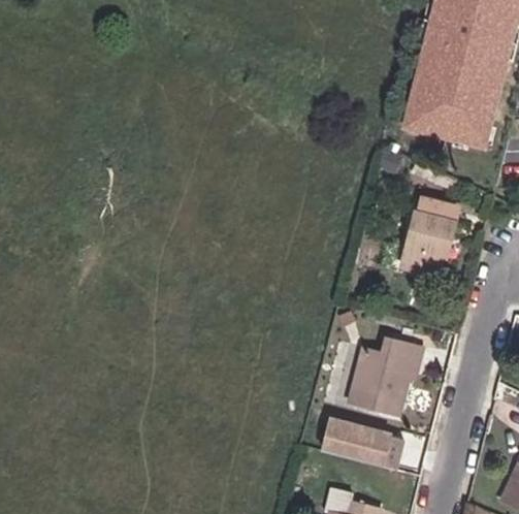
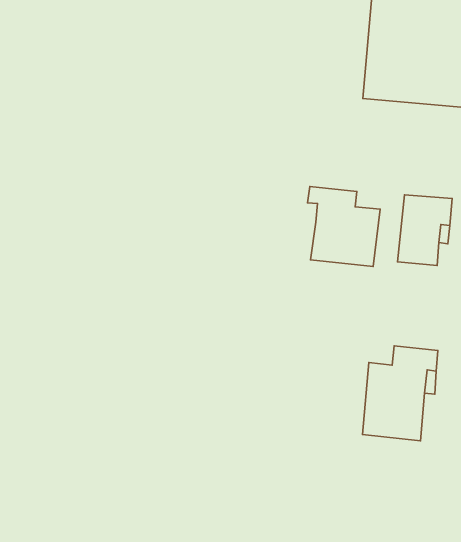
building: none -> [308,186,380,266]
building: [329,421,406,468] -> none

